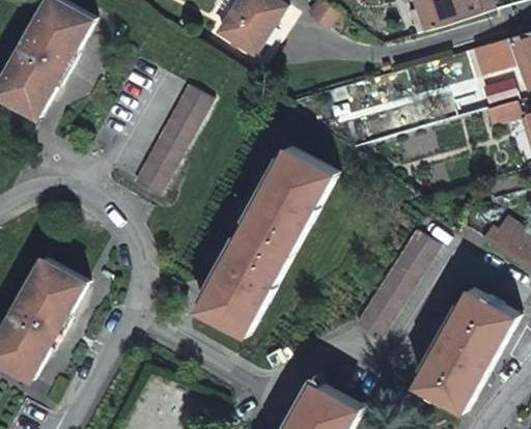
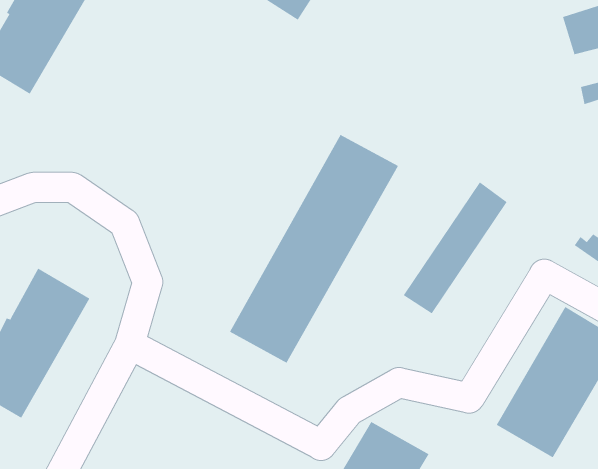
building: [133,86,212,195] -> none
building: [356,228,441,336] -> [403,182,507,314]

